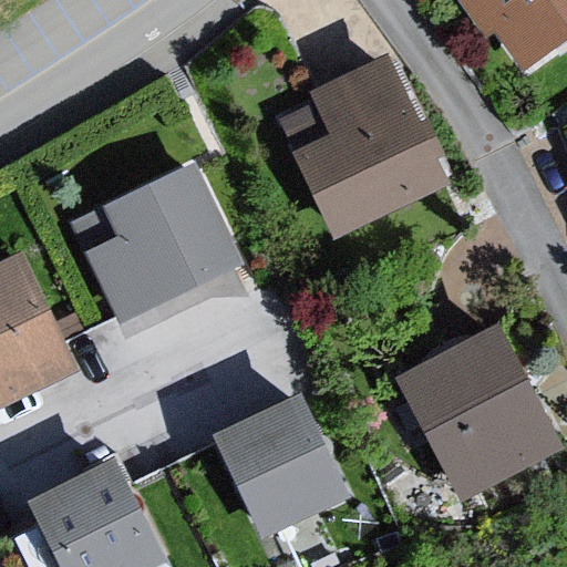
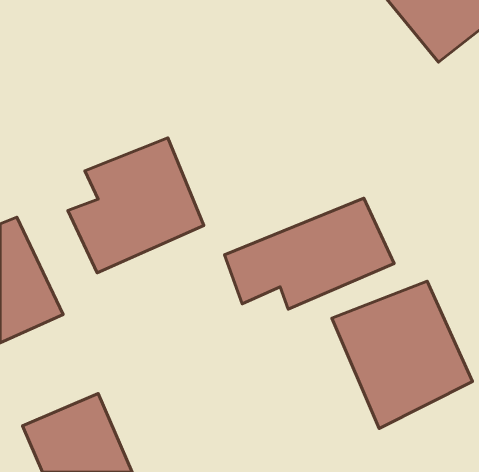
building: [301,59,450,234] -> none
building: none -> [224,198,394,309]
building: [213,393,348,539] -> none

